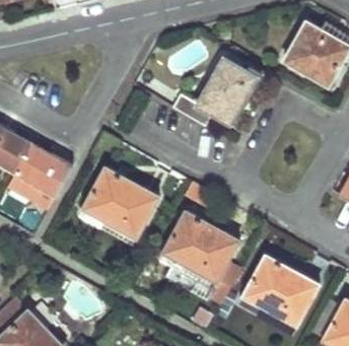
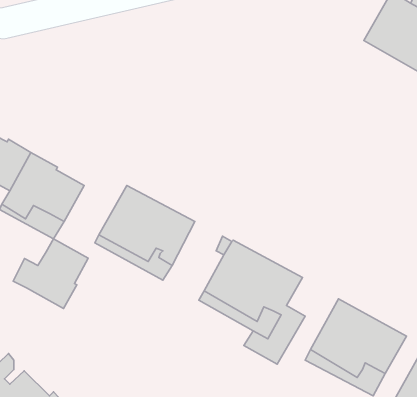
building: [172,58,256,124] -> none
building: none -> [13,239,88,309]

